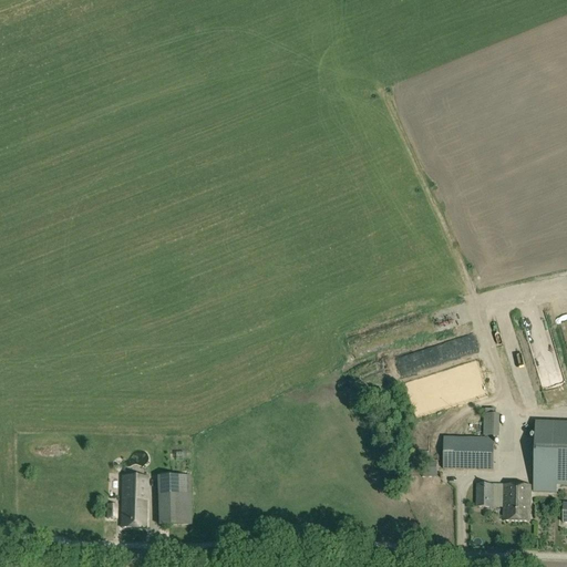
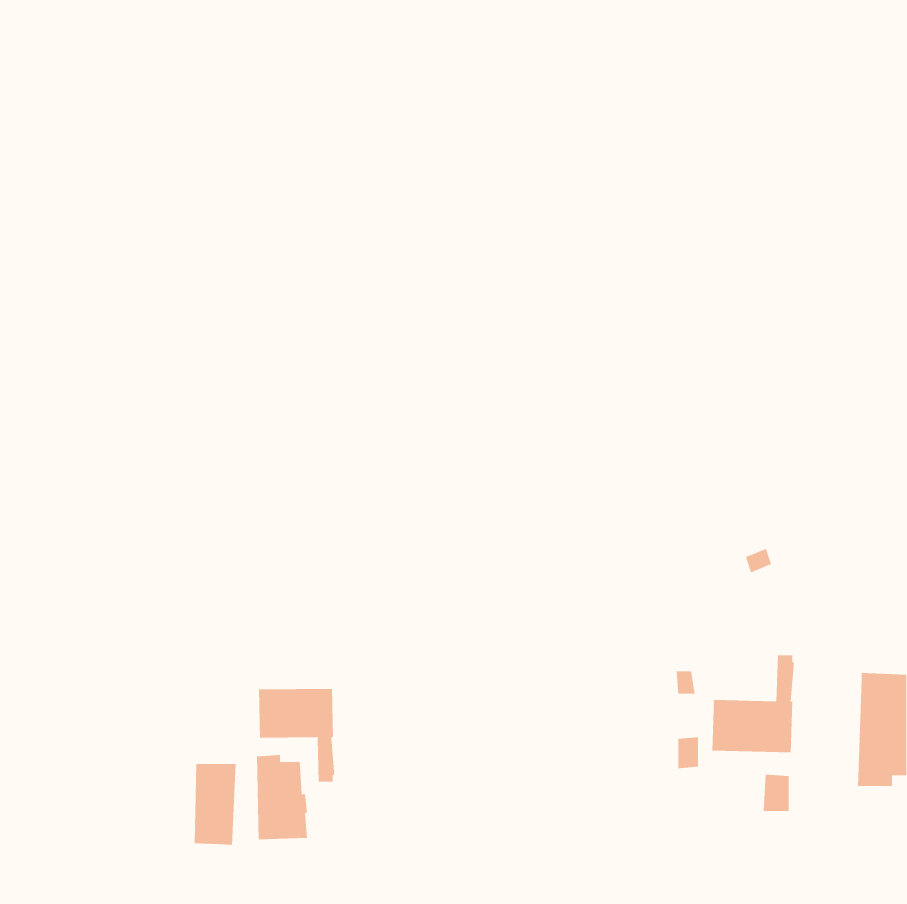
building: none -> [259,688,335,782]
building: [503,483,529,518] -> none

